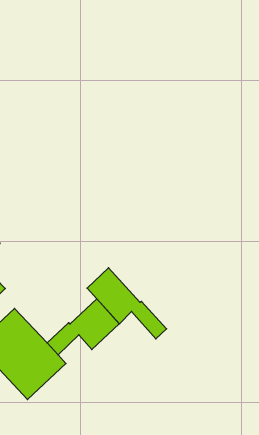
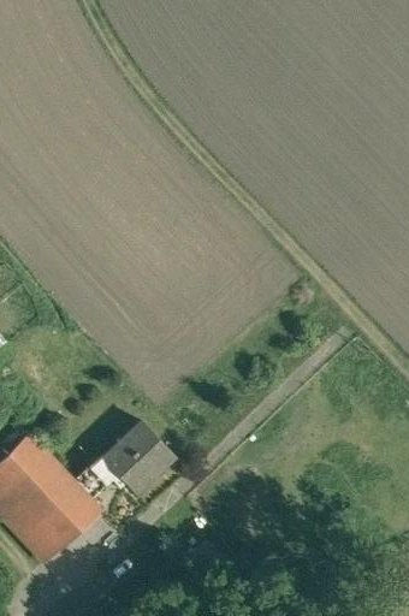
building: [87,268,167,339] -> none

